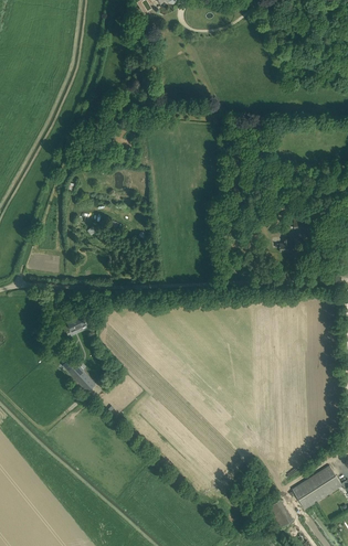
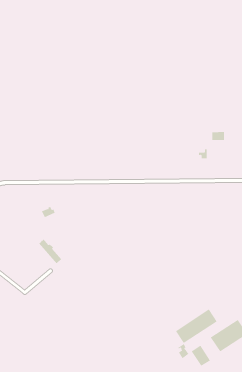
building: none -> [175,308,218,359]

